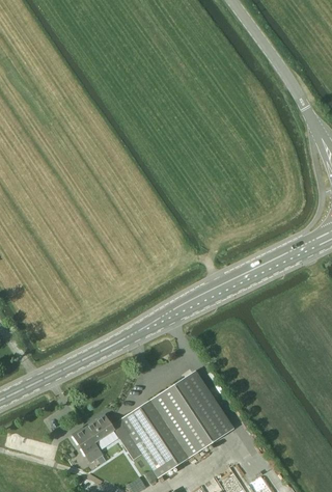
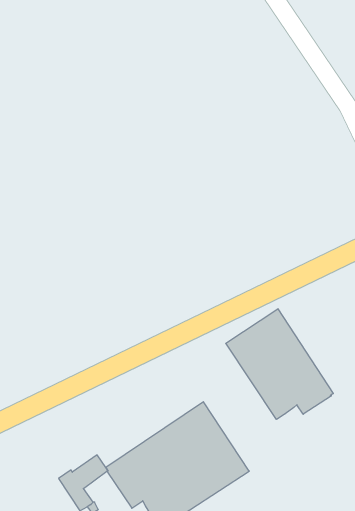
building: none -> [226,309,333,419]

